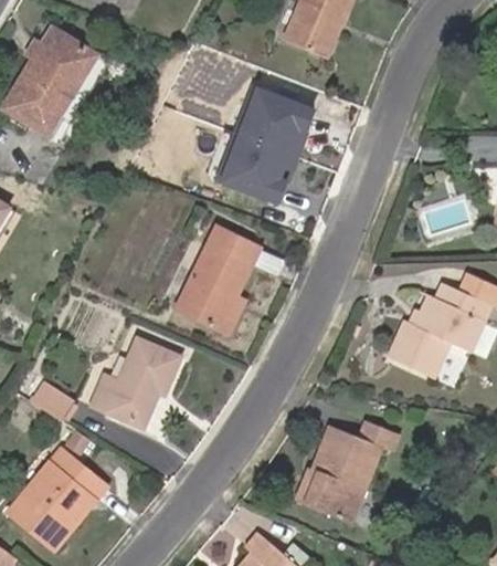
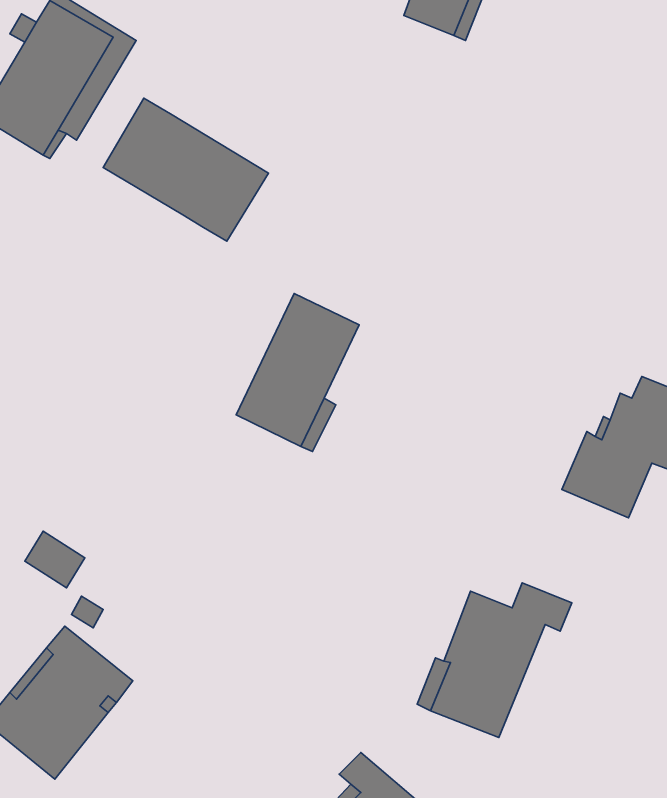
building: [232,94,329,212] -> none
building: none -> [103,98,269,241]
building: [89,336,178,423] -> none

